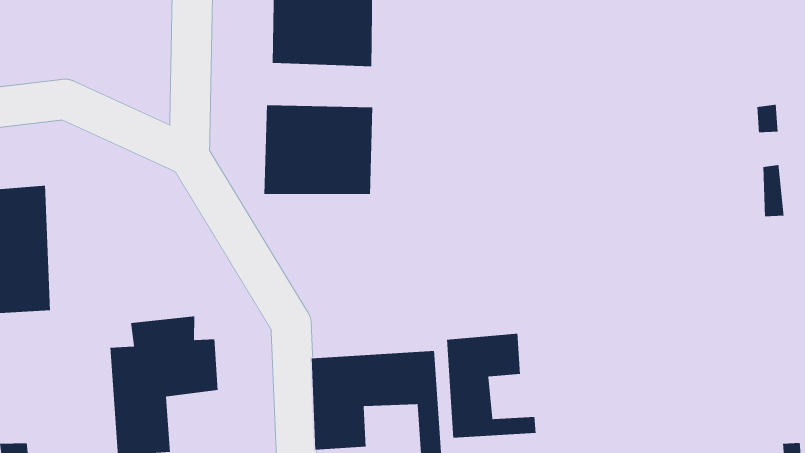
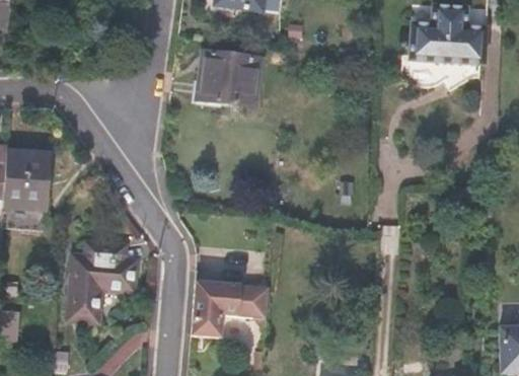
building: [263,105,373,195] -> none
building: [446,333,536,438] -> none

